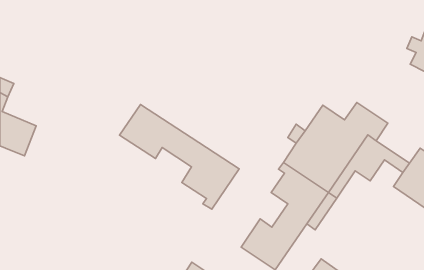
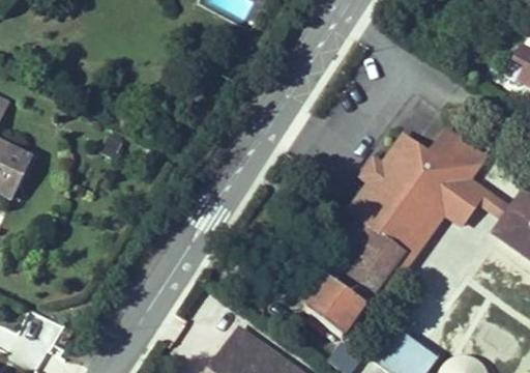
building: [120,105,239,209] -> none

